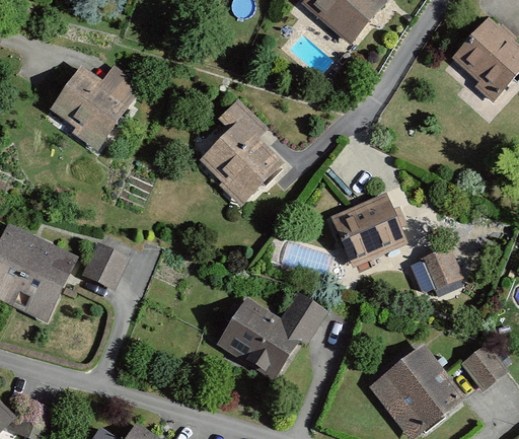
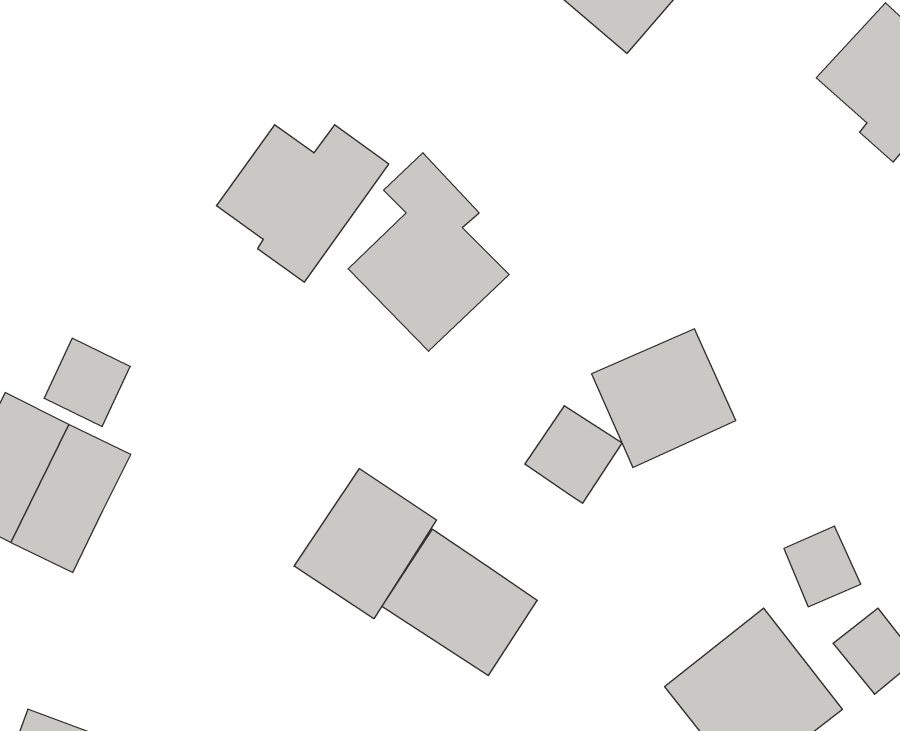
building: [50,65,143,150] -> [216,125,389,282]
building: [82,242,129,290] -> [44,338,130,426]
building: [422,245,463,289] -> [784,526,861,607]
building: none -> [294,469,437,619]
building: [275,291,327,344] -> [525,406,622,503]

